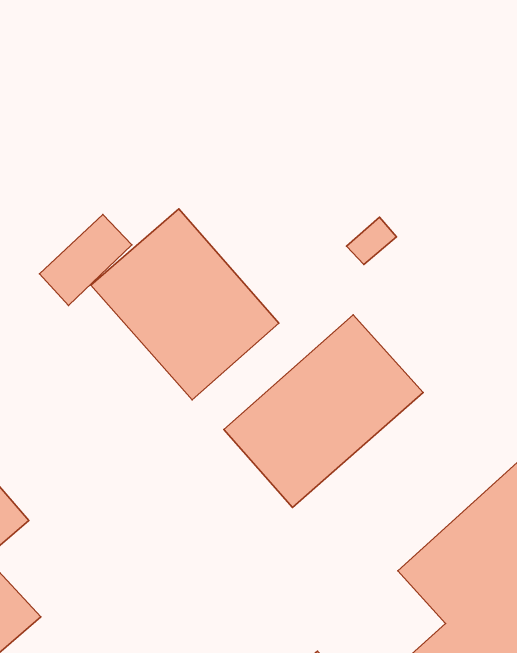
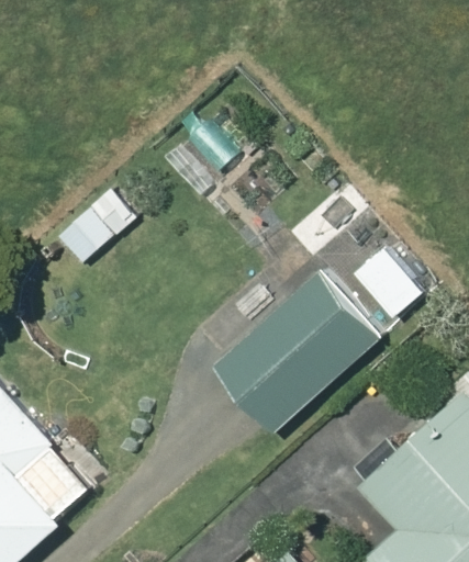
building: [91,209,279,400] -> none

